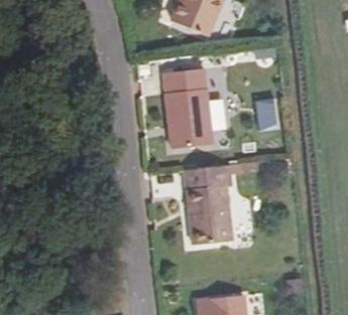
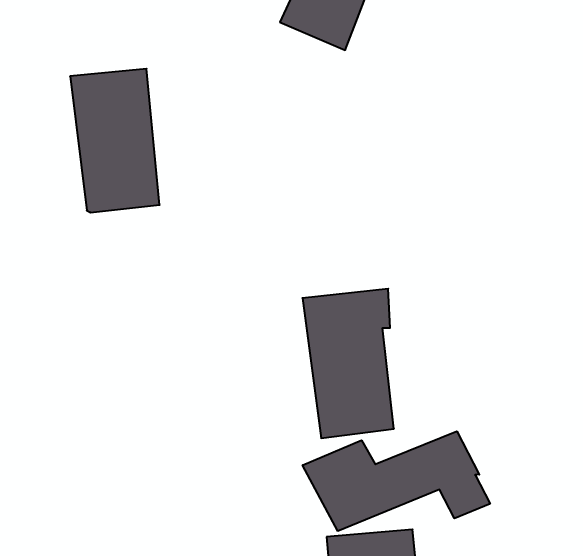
building: [161,70,210,148] -> [70,69,160,212]
building: none -> [303,431,490,531]

